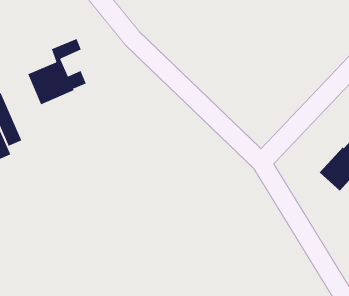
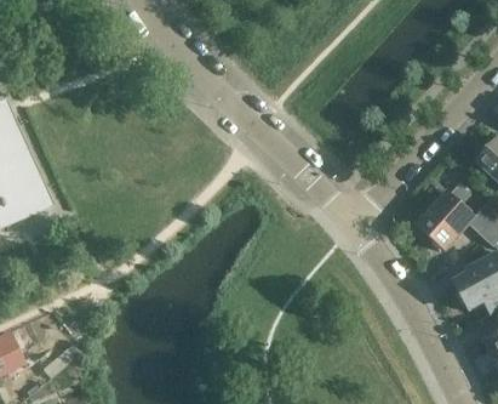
building: [28,38,86,105] -> none

